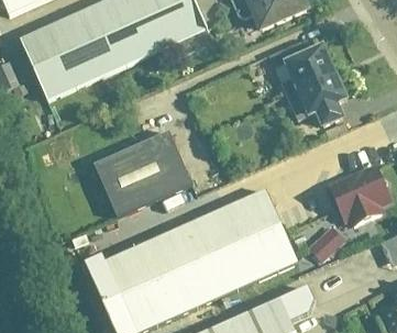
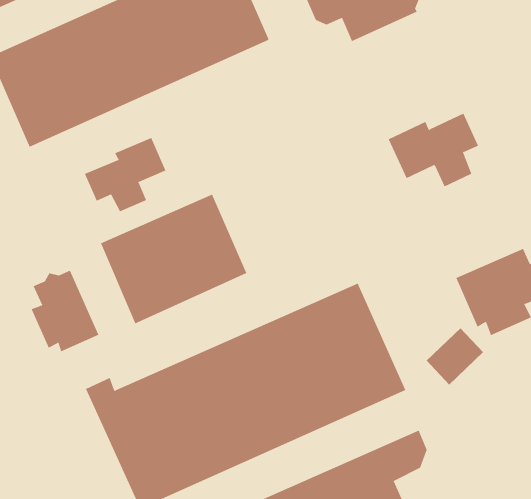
building: [280,45,335,93] -> none
building: none -> [84,137,166,212]
building: none -> [31,270,99,352]

